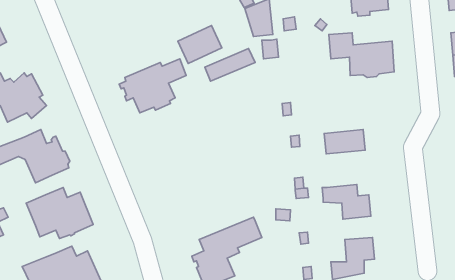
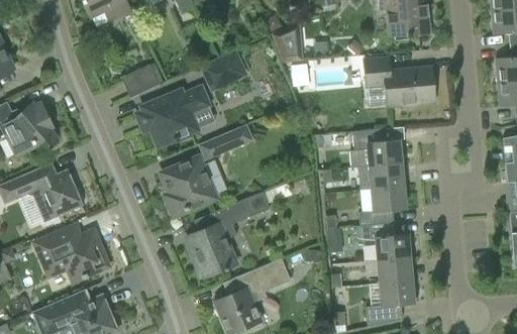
building: none -> [121,64,160,98]
building: [205,49,255,81] -> [199,125,253,160]
building: none -> [350,128,401,168]
building: none -> [162,157,216,216]
building: none -> [359,186,405,226]
building: none -> [188,192,271,277]
building: none -> [379,257,411,283]

